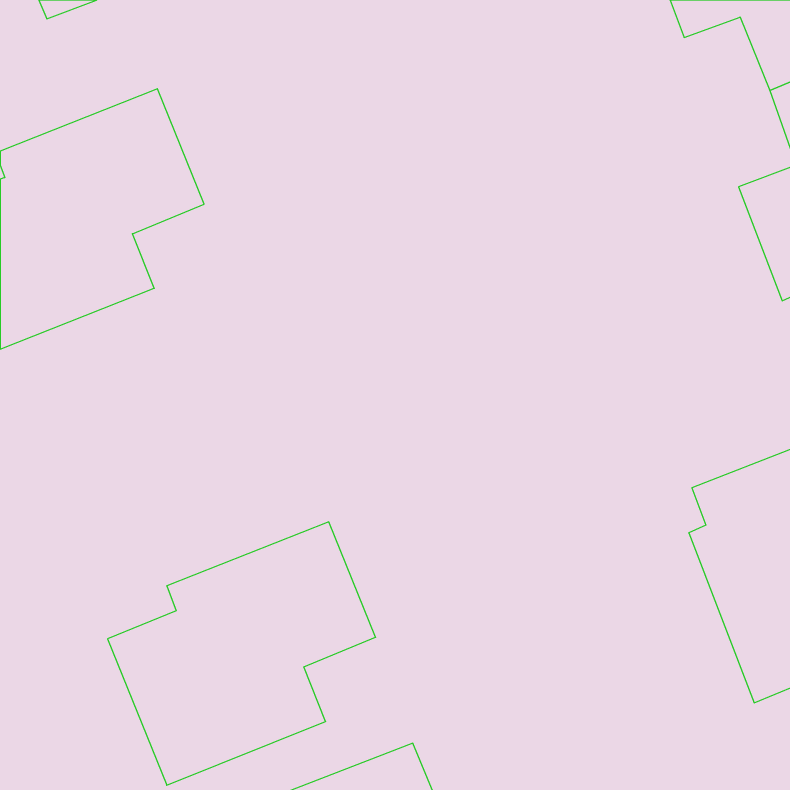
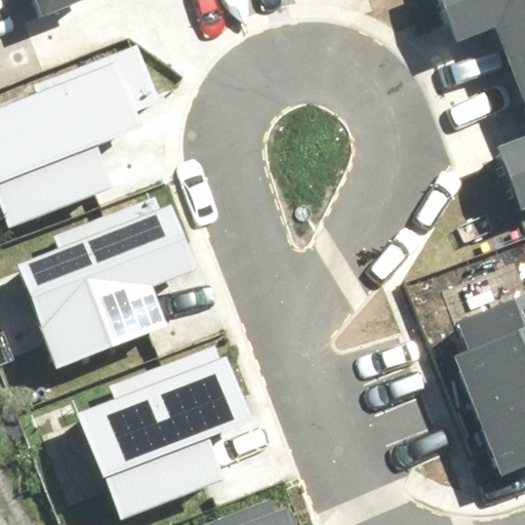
building: none -> [15,194,192,367]

